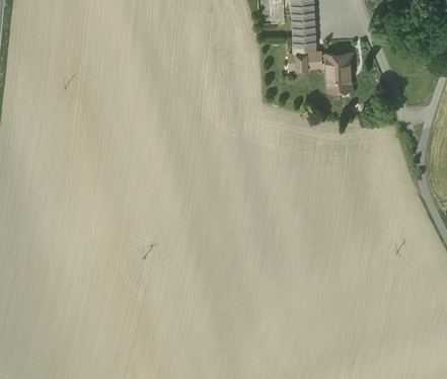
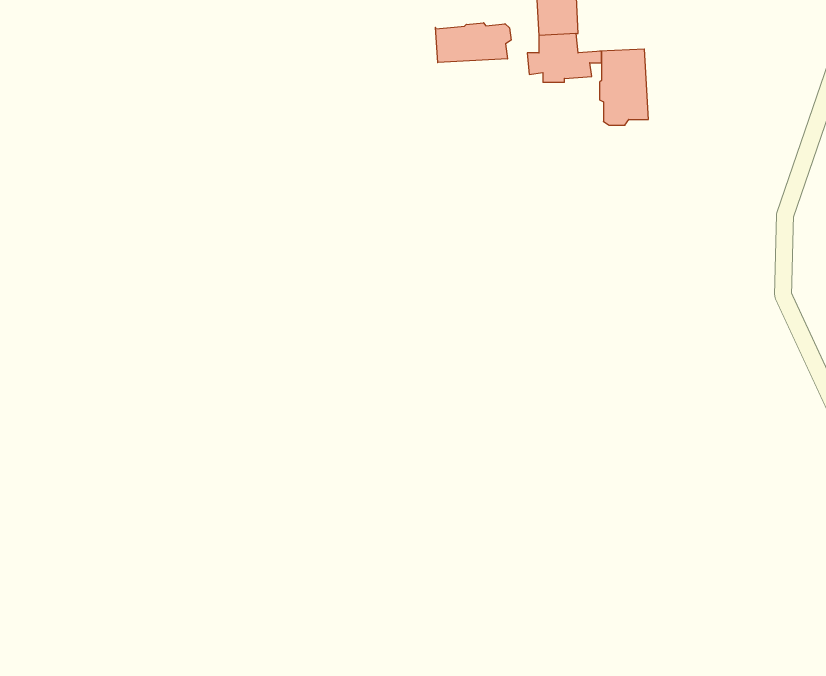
building: none -> [435,23,511,63]

